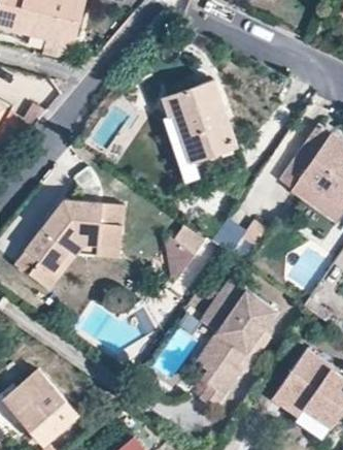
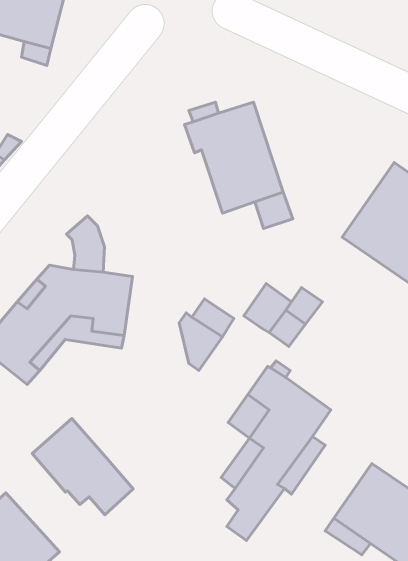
building: none -> [32,419,133,515]

